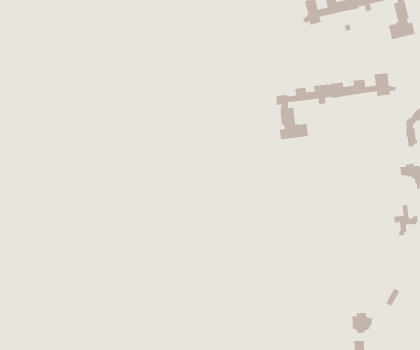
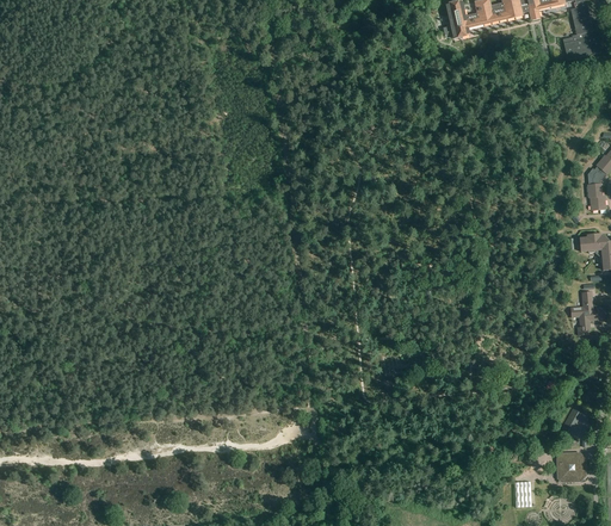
building: [276,72,396,140] -> none
building: [351,312,373,334] -> [557,452,587,482]

